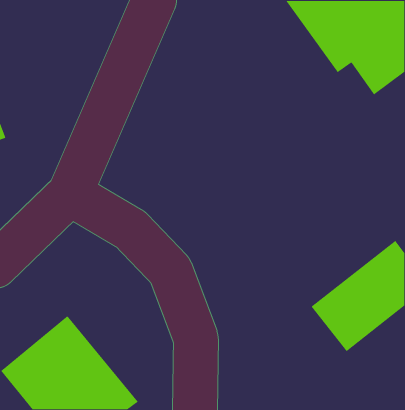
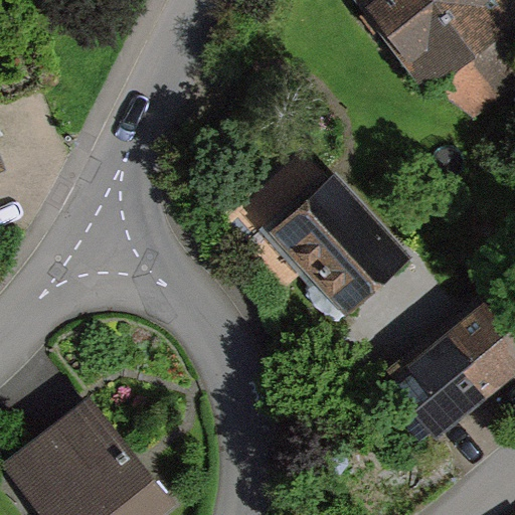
building: none -> [238,160,408,317]

